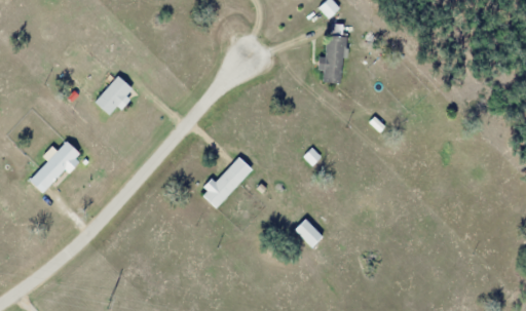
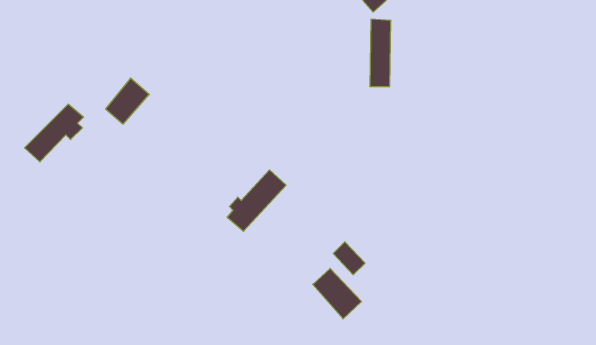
building: [29,142,80,192] -> [25,104,84,162]
building: none -> [313,268,362,319]

